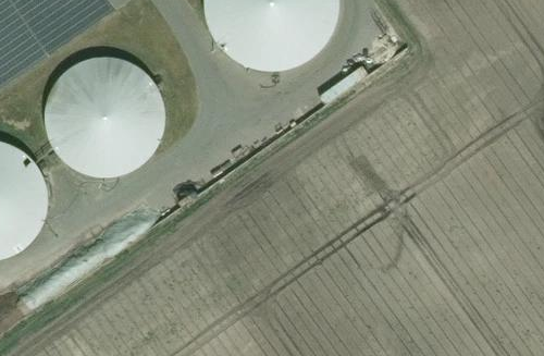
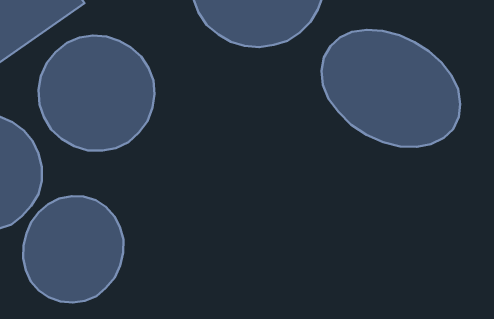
building: none -> [322,30,460,147]
building: none -> [23,196,123,303]

